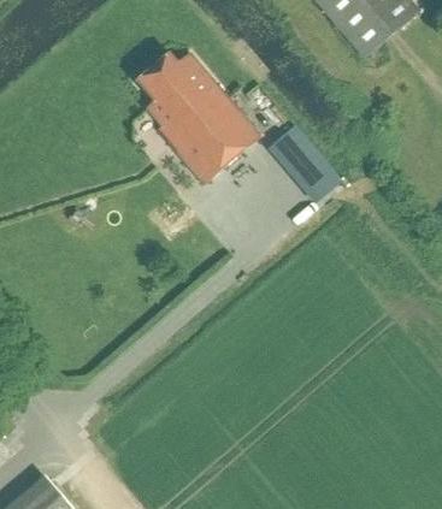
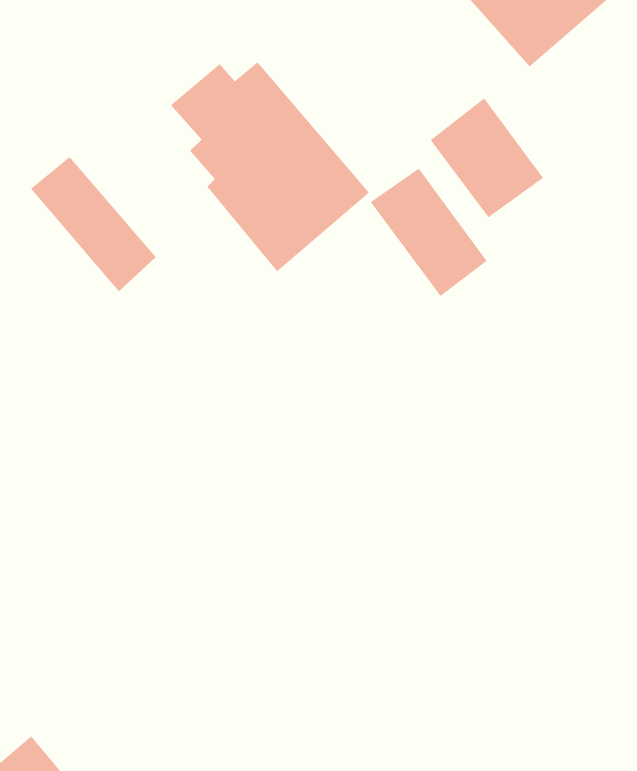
building: none -> [430,98,544,218]
building: none -> [30,156,156,292]

